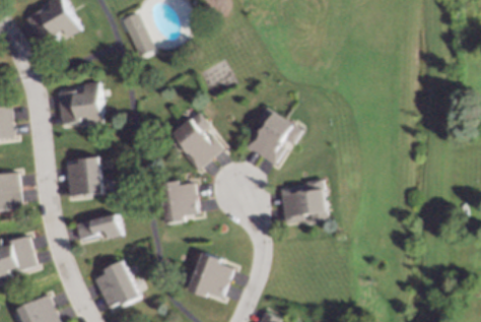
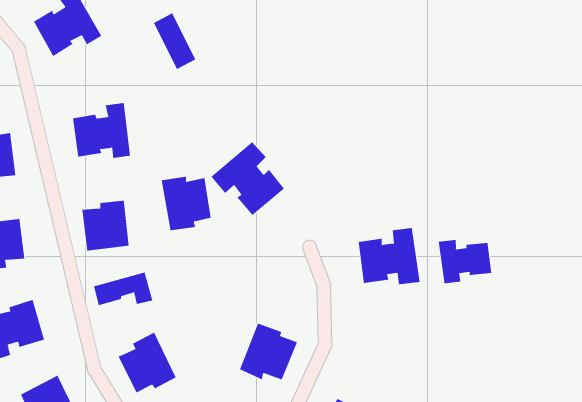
building: [247,107,301,164] -> none
building: [159,181,199,223] -> [161,176,212,231]
building: none -> [438,239,492,284]

